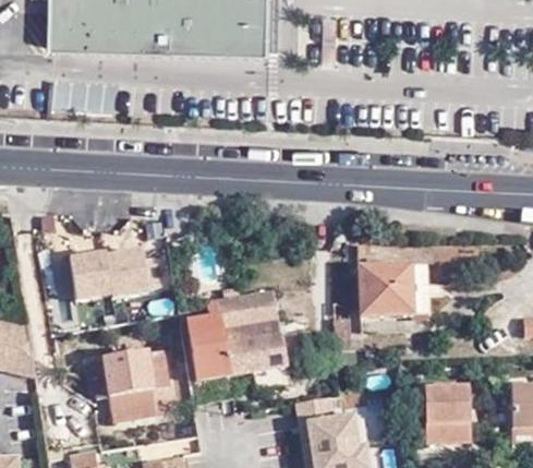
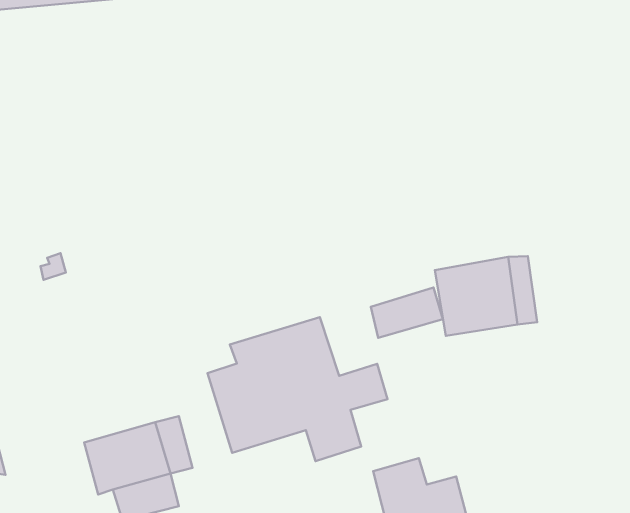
building: [70,241,147,296] -> none
building: none -> [371,288,443,338]
building: [423,387,470,442] -> none

